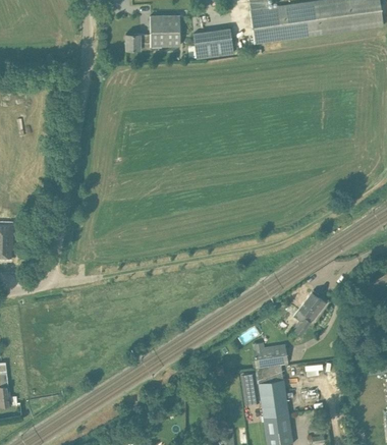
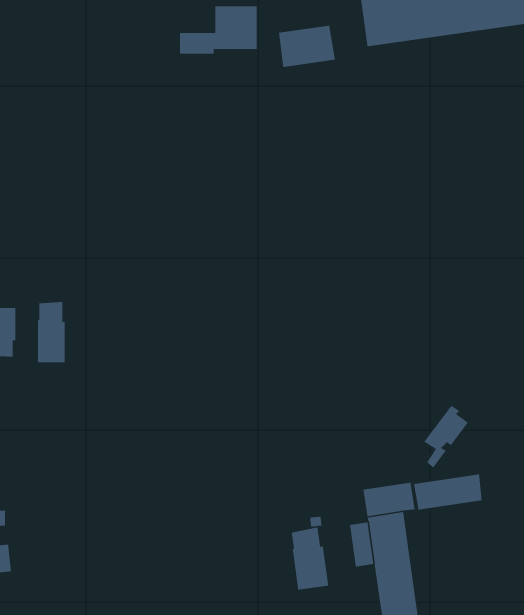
building: none -> [37,301,66,363]
building: none -> [413,473,483,511]
building: none -> [291,527,329,591]

